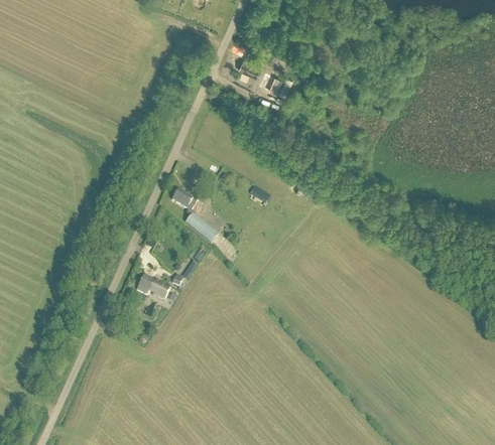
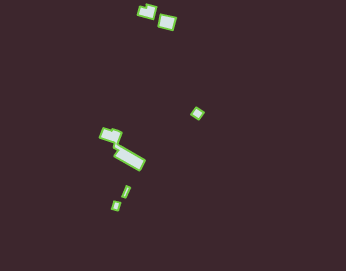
building: [136,274,169,298] -> none

